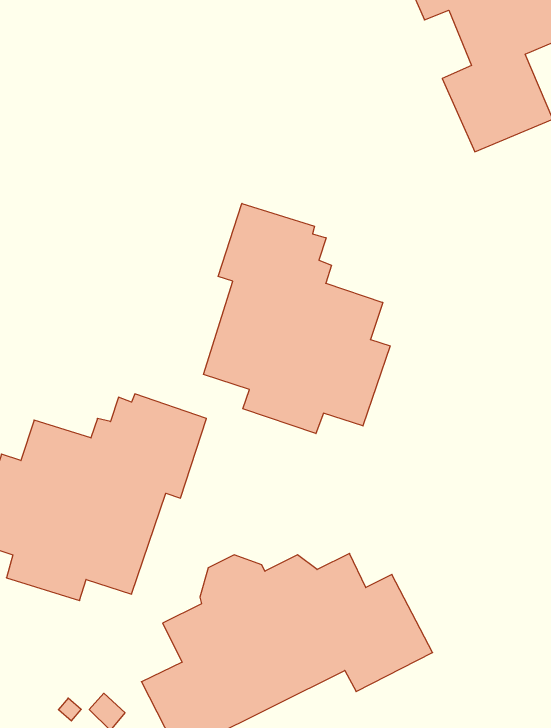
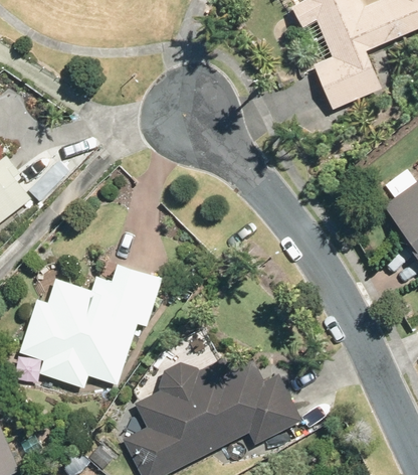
building: [204,203,390,434] -> none

